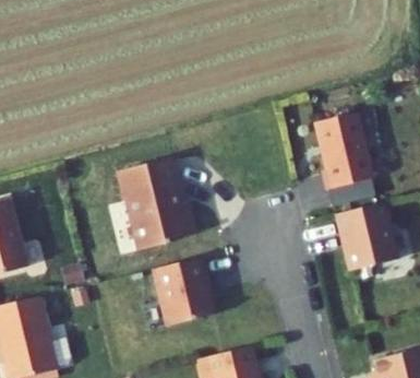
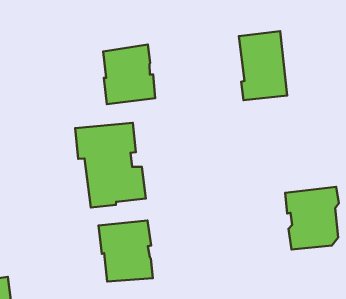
building: none -> [103,44,155,104]
building: [314,117,370,191] -> [239,31,287,100]

